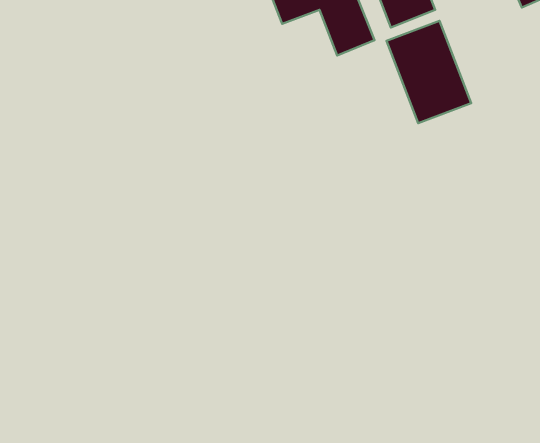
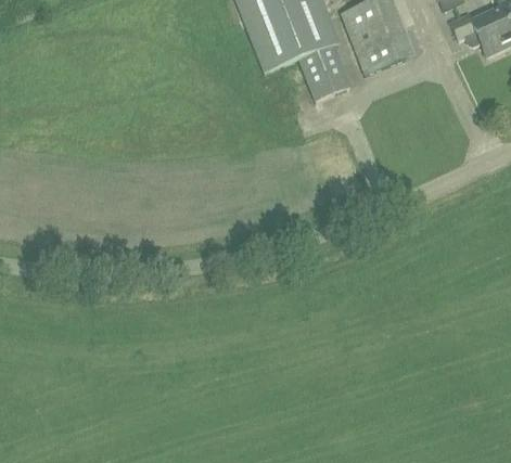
building: [387,21,471,123] -> none

